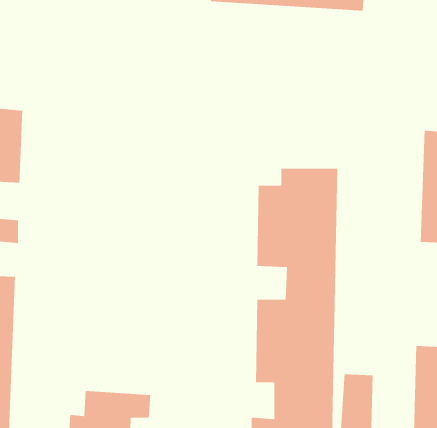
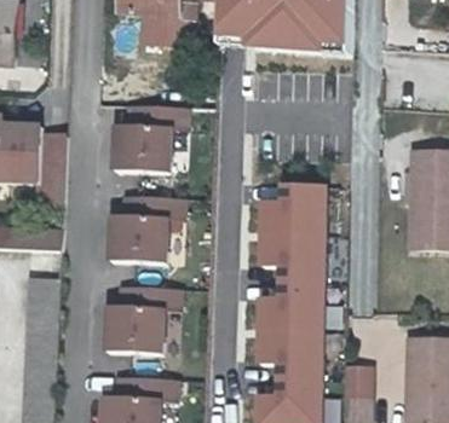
building: none -> [114,103,185,170]
building: none -> [110,193,182,261]
building: none -> [105,284,178,352]

